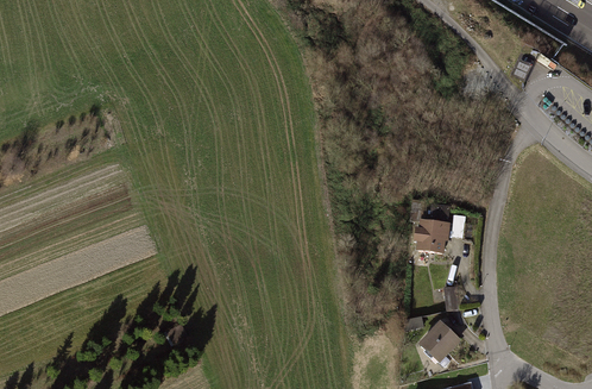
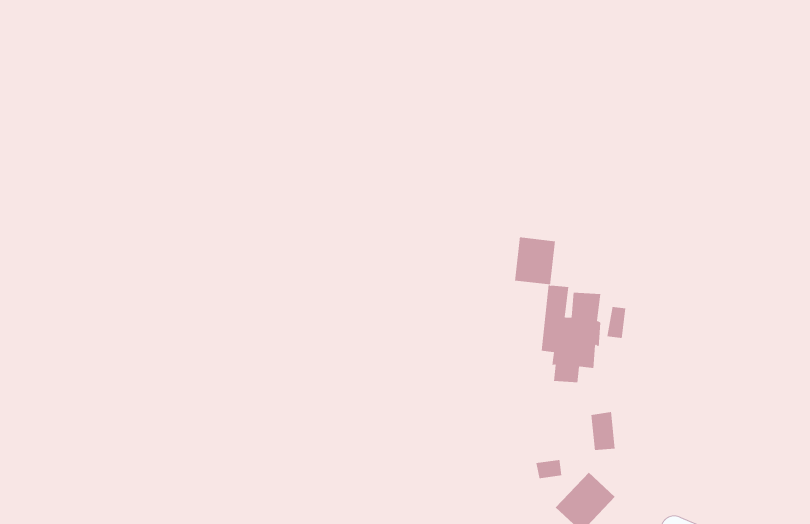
building: none -> [515,237,555,285]

